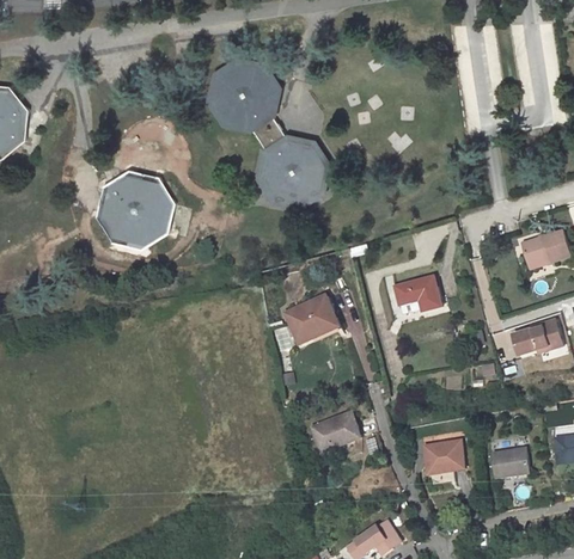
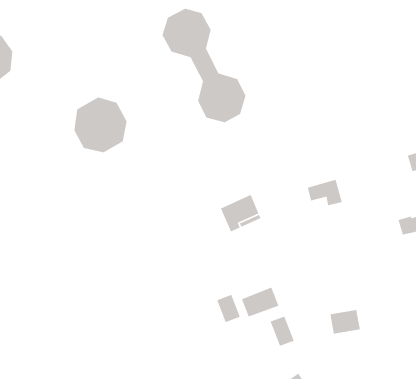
building: none -> [216,294,241,323]
building: [493,448,529,478] -> none
building: none -> [269,315,295,347]

